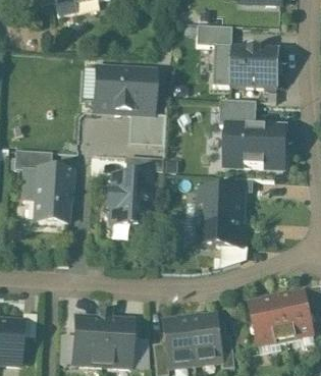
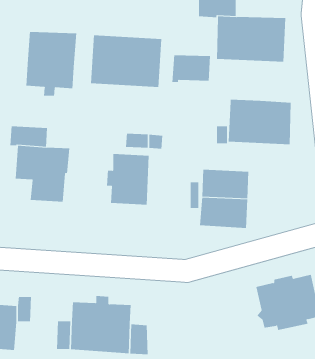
building: none -> [26,31,77,96]
building: [218,99,256,125] -> [172,55,211,82]
building: [161,315,221,365] -> none

